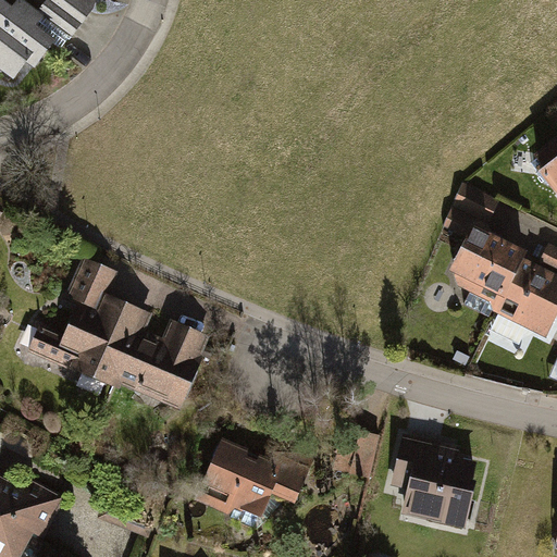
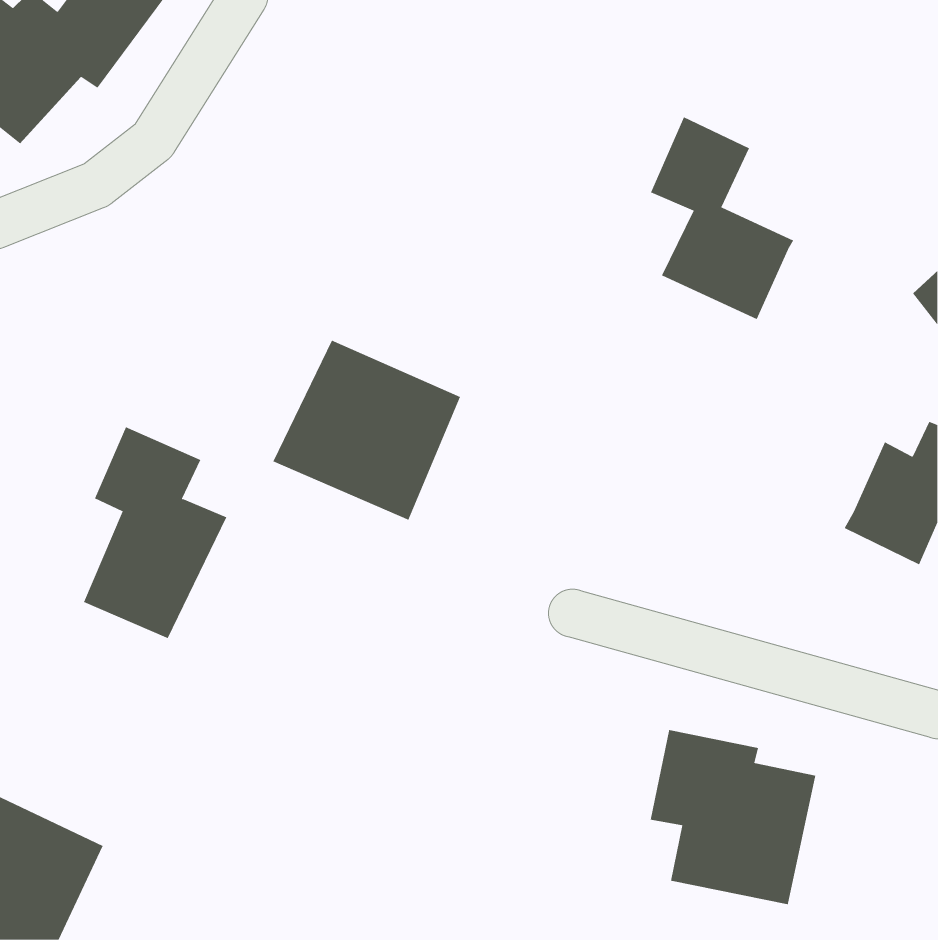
building: [440,182,524,301] -> [650,117,794,320]
building: [99,305,210,411] -> [272,340,461,521]
building: [210,446,290,515] -> none

